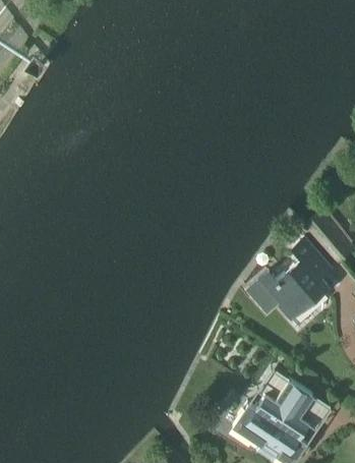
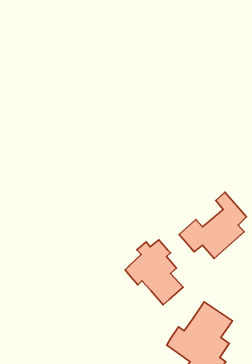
building: none -> [125,240,183,305]

